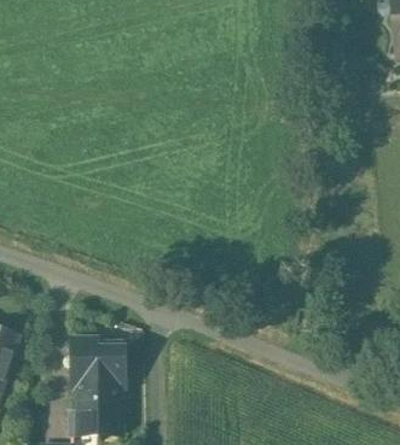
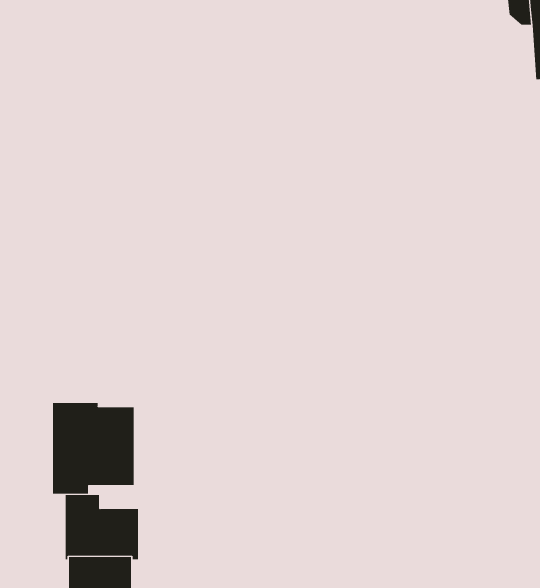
building: none -> [52,402,134,494]

